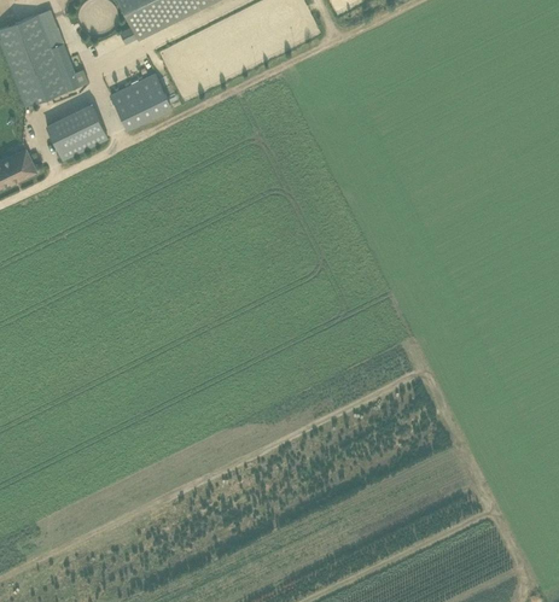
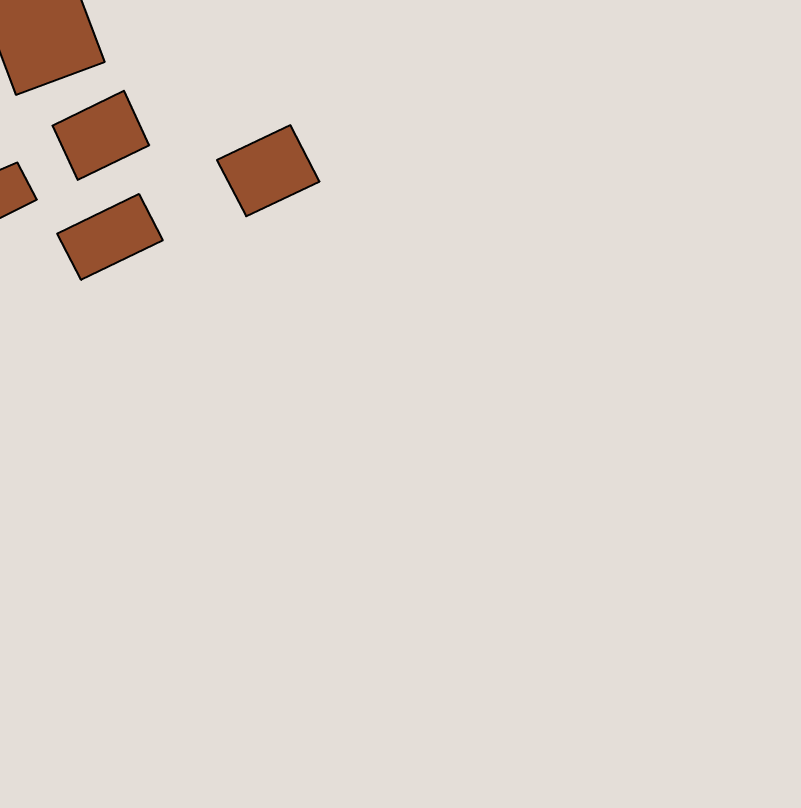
building: [107,70,171,127] -> [217,125,320,216]
building: none -> [57,194,163,280]

